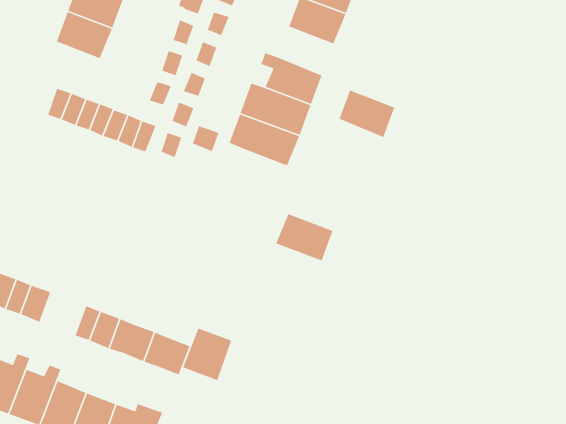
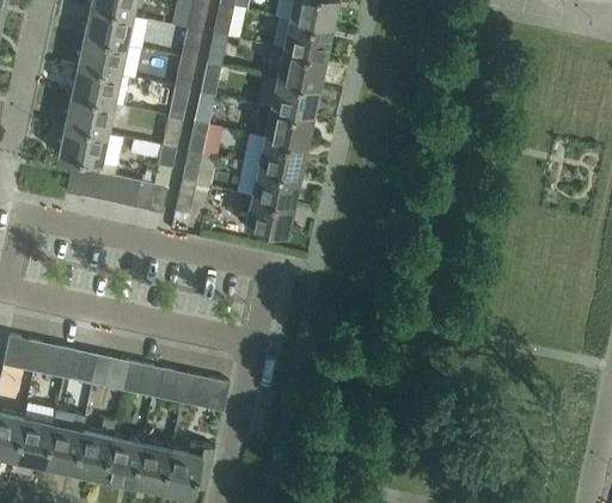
building: none -> [57,125,108,165]
building: [339,90,395,138] -> [269,79,319,118]
building: [275,213,333,261] -> [243,197,294,237]
building: none -> [90,355,129,392]
building: [182,328,232,381] -> none

